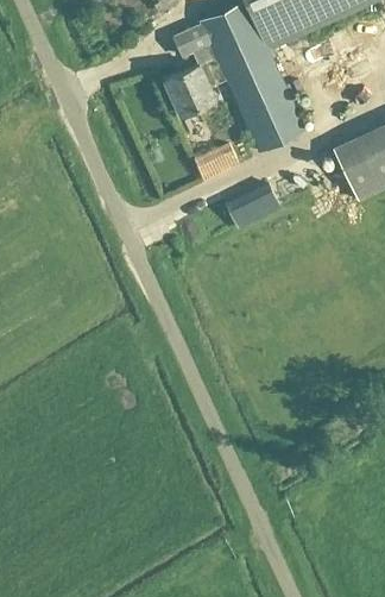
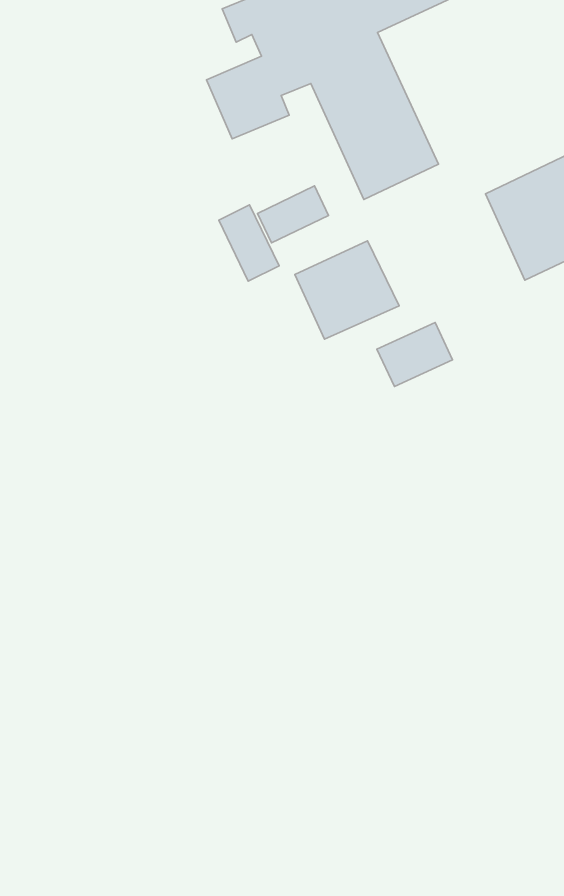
building: none -> [219,205,279,281]
building: none -> [377,323,453,386]

